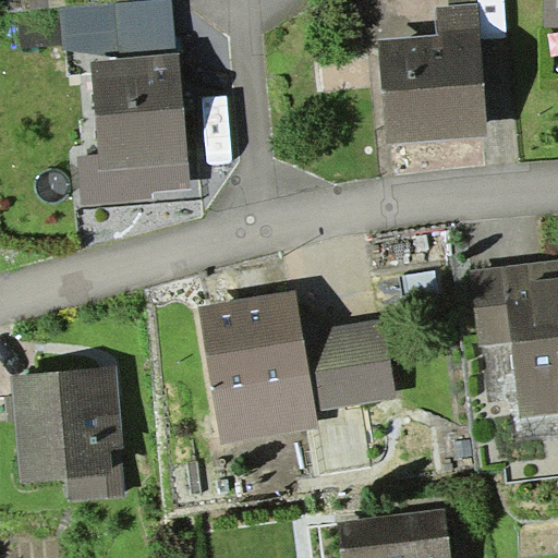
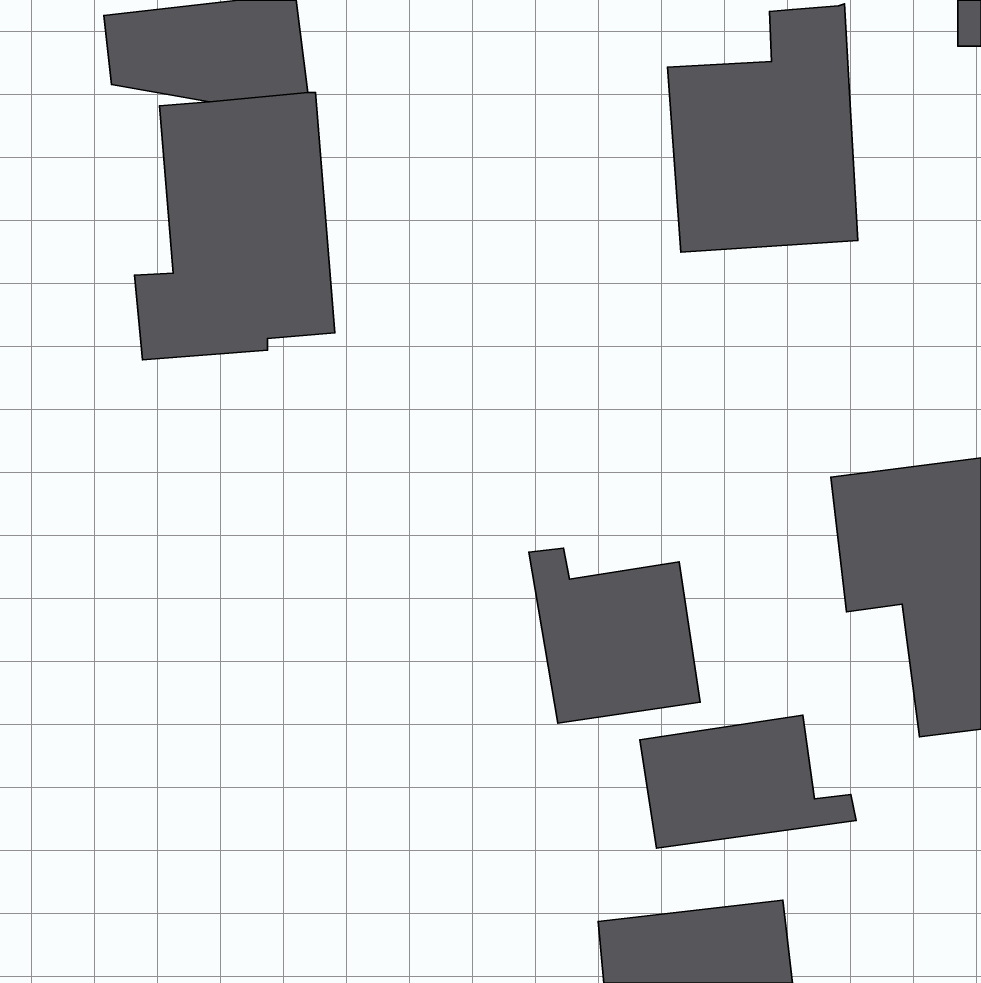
building: [198,290,318,444] -> none
building: [13,366,128,500] -> none
building: none -> [640,715,856,848]

